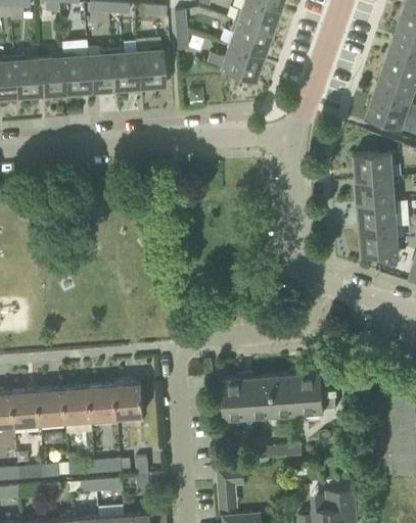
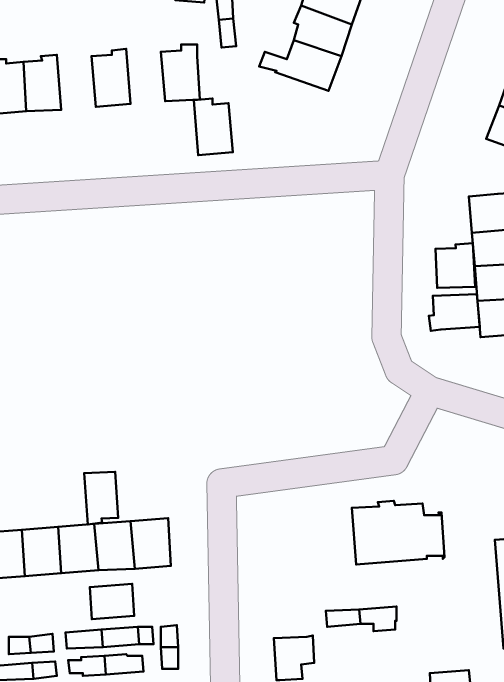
building: [111,50,139,90] -> [194,99,233,155]
building: [62,54,90,94] -> none
building: none -> [435,243,475,288]
building: none -> [429,294,480,331]
building: none -> [84,472,118,524]
building: [221,374,274,419] -> none
building: none -> [90,584,134,619]

